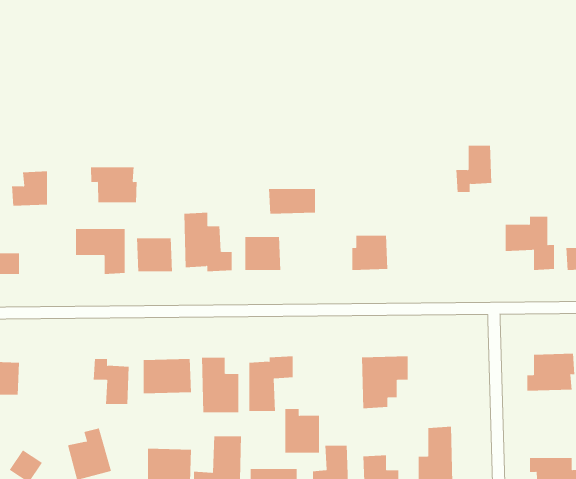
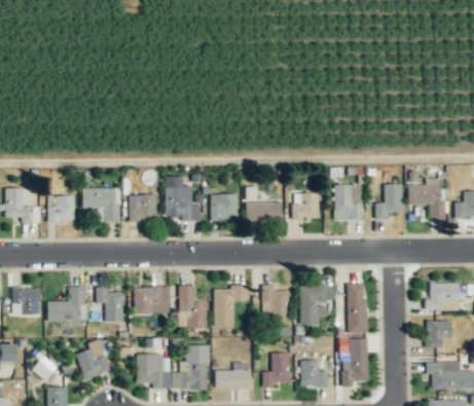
building: [455,145,492,193] -> [375,184,403,220]
building: [91,166,137,203] -> none
building: [11,171,48,206] -> [47,195,75,222]
building: [268,189,316,214] -> [246,202,282,222]
building: none -> [334,185,362,220]
building: none -> [348,284,367,333]
building: none -> [47,287,86,322]
building: none -> [426,321,452,347]
building: [285,408,320,453] -> [262,286,289,320]

